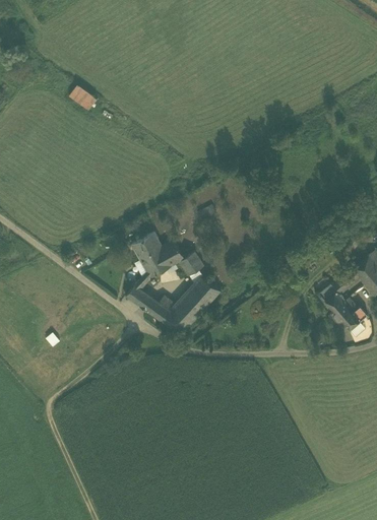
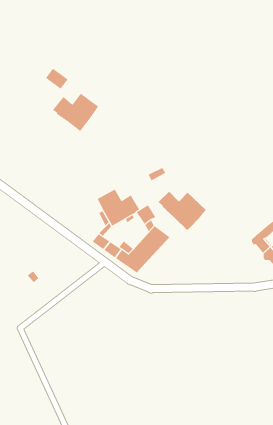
building: none -> [52,93,99,132]
building: none -> [158,191,207,231]

